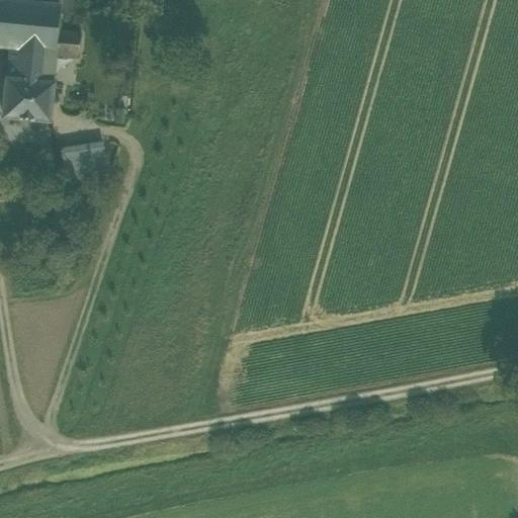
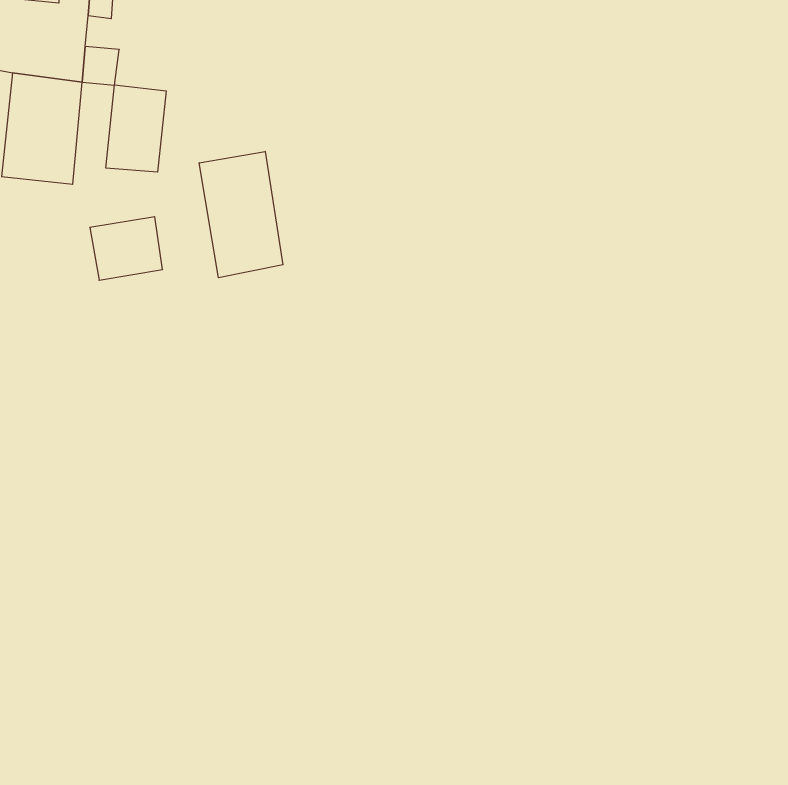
building: none -> [106,85,166,172]
building: none -> [199,151,283,278]

